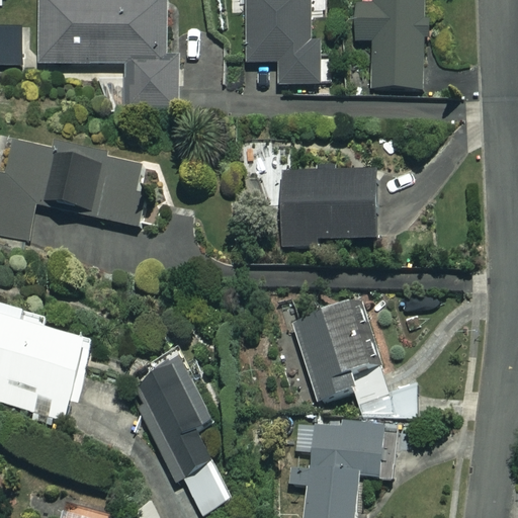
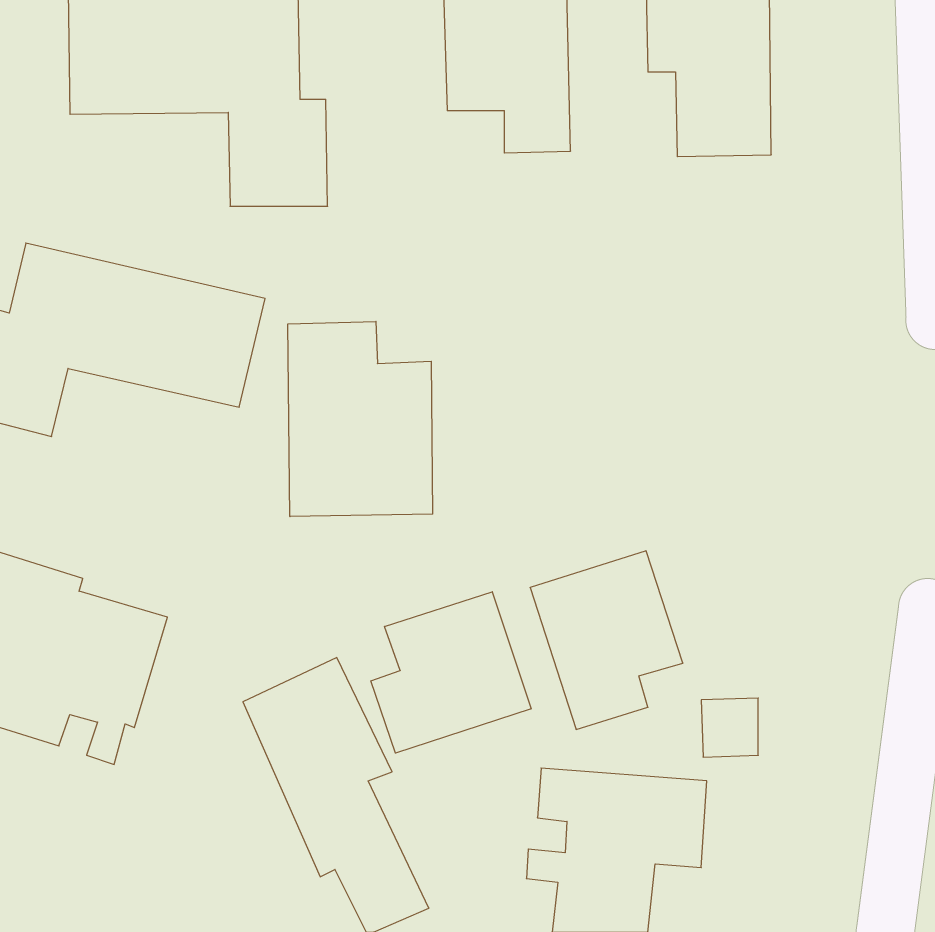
building: [282,171,376,245] -> none
building: none -> [288,321,433,517]
building: none -> [371,592,531,753]

